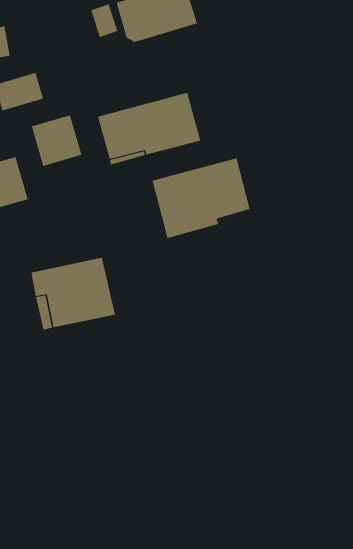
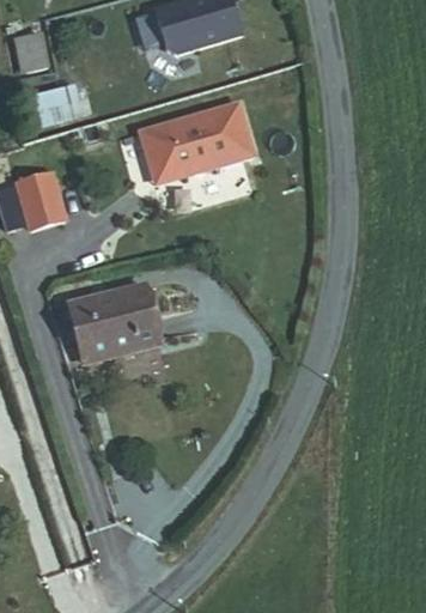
building: [31,114,82,167] -> none
building: [152,157,250,239] -> none

